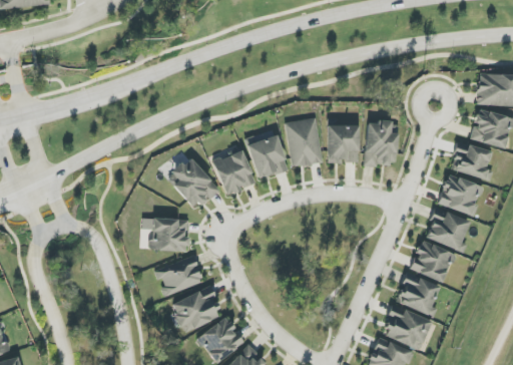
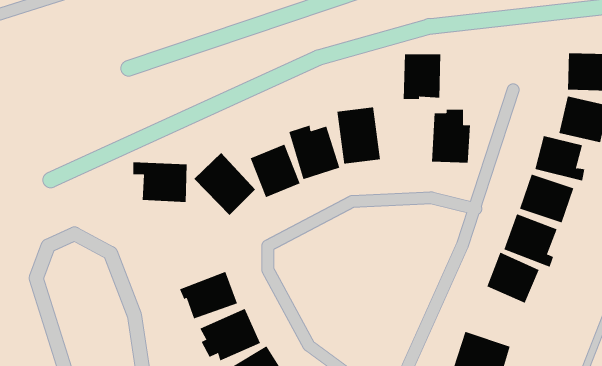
building: [328,125,360,163] -> [403,54,441,99]
building: [142,218,188,252] -> [132,162,188,203]
building: [395,273,440,318] -> none

